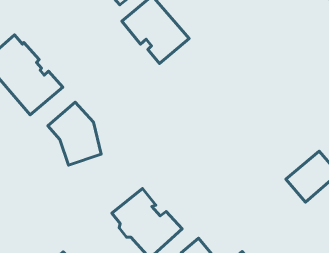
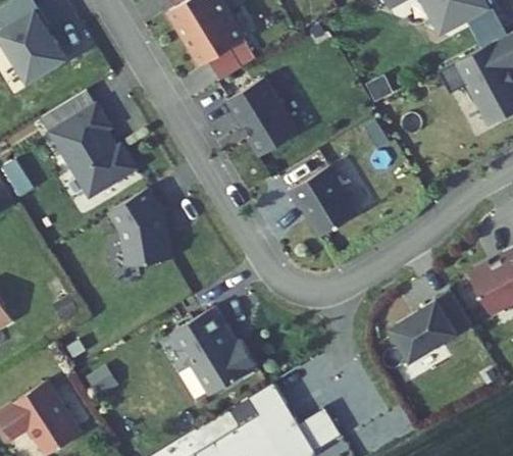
building: none -> [299,169,361,234]

